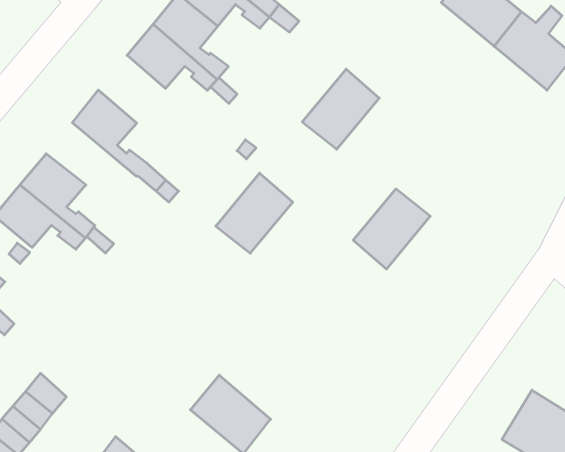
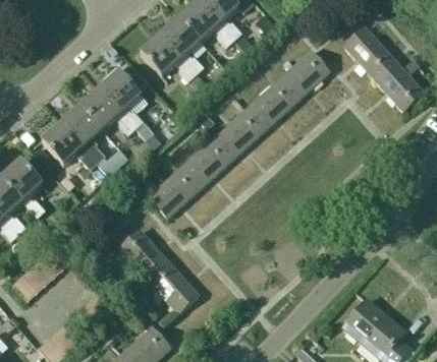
building: none -> [278,51,329,101]
building: none -> [80,88,135,134]
building: [353,189,430,269] -> [214,109,265,159]
building: none -> [149,167,201,217]
building: none -> [119,229,170,281]

